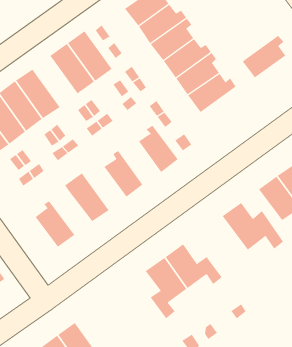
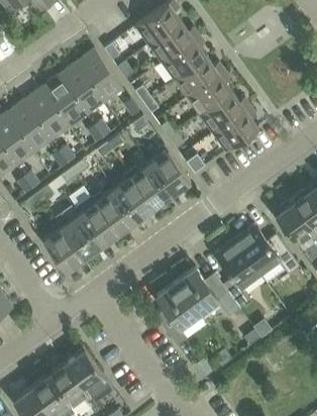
building: [242,35,286,78] -> [212,106,257,150]
building: none -> [40,75,86,127]
building: none -> [128,163,172,207]
building: none -> [93,189,136,233]
building: none -> [58,215,101,258]
building: none -> [214,239,260,308]

